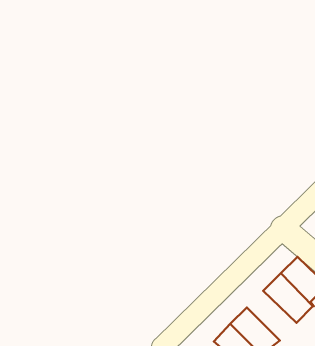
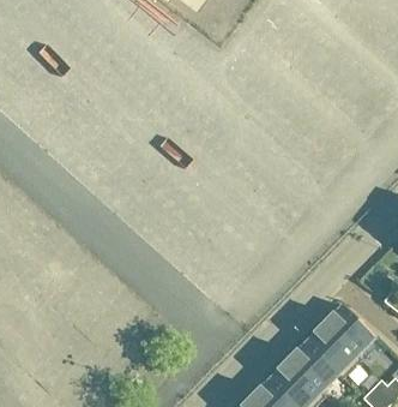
building: none -> [285,343,339,397]

